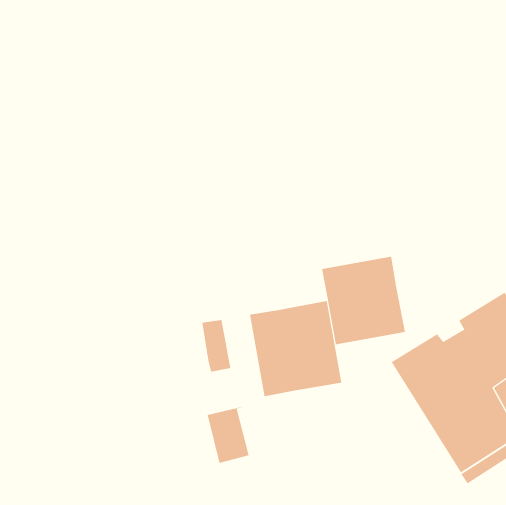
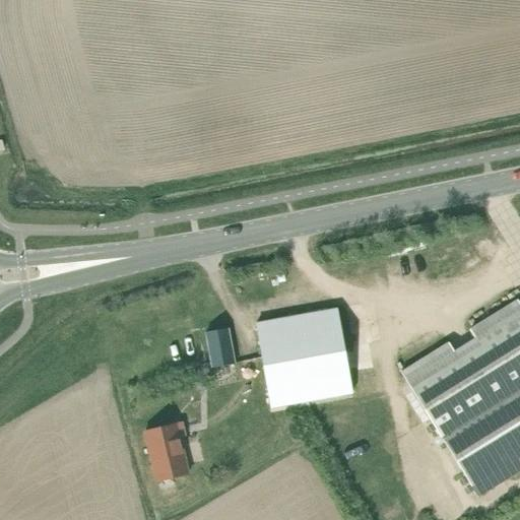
building: [321,256,405,345] -> none
building: [207,406,249,464] -> [145,420,189,479]

